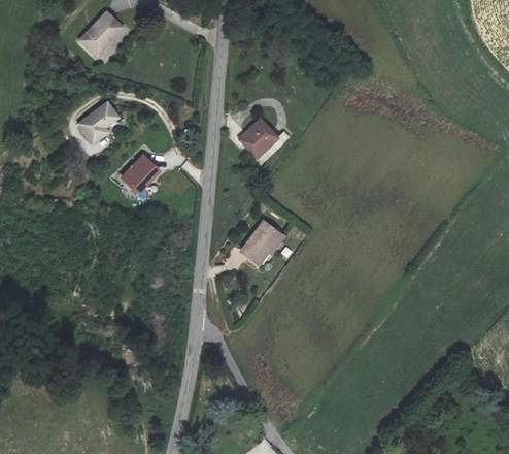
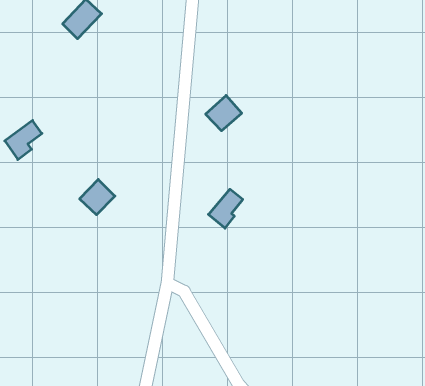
building: [76,102,117,145] -> [5,120,42,160]
building: [123,155,162,194] -> [80,179,115,215]

